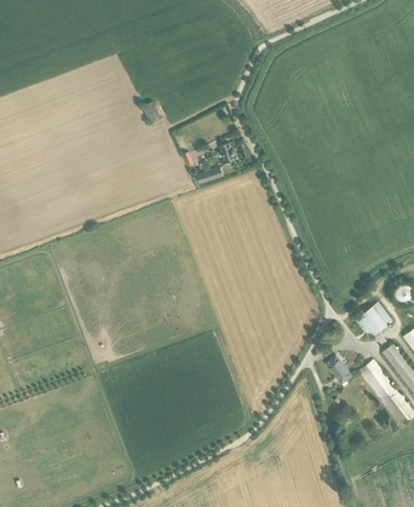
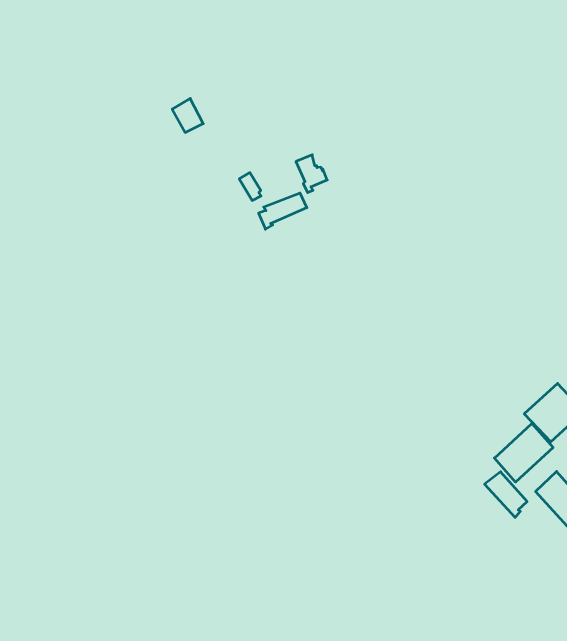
building: none -> [494,424,553,482]

